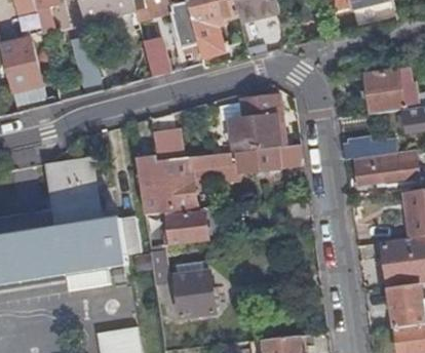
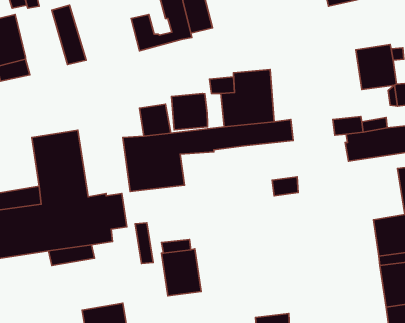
building: none -> [171,93,208,130]
building: [163,211,206,244] -> none

